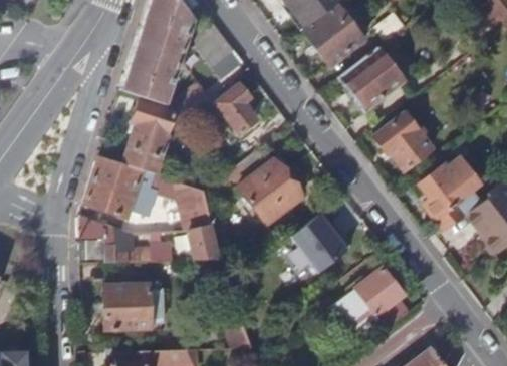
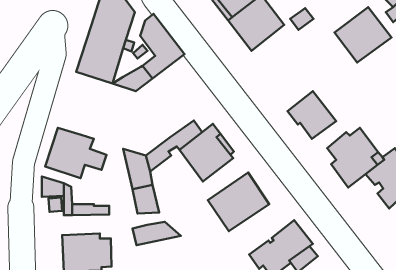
building: [338,46,407,112] -> [335,7,392,63]
building: [216,85,258,134] -> none
building: [126,101,176,175] -> none
building: none -> [133,222,181,245]

